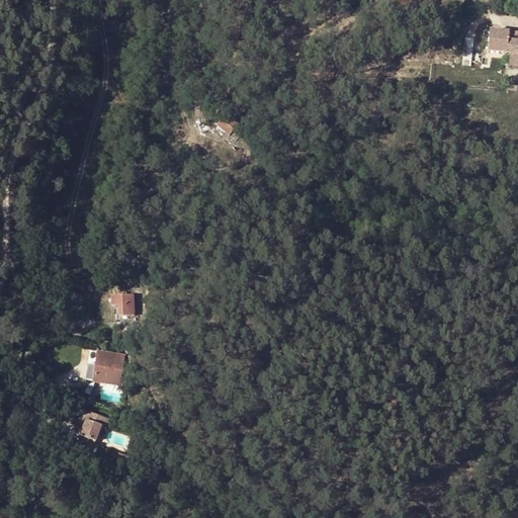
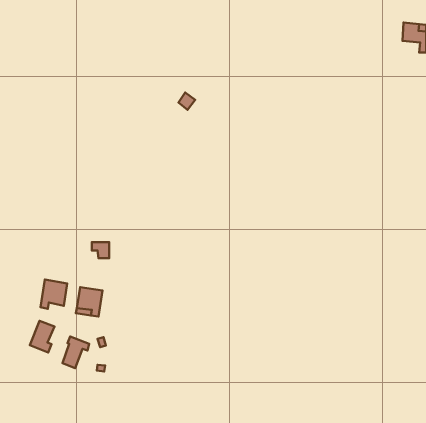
building: none -> [40,279,67,309]
building: none -> [30,321,54,352]

